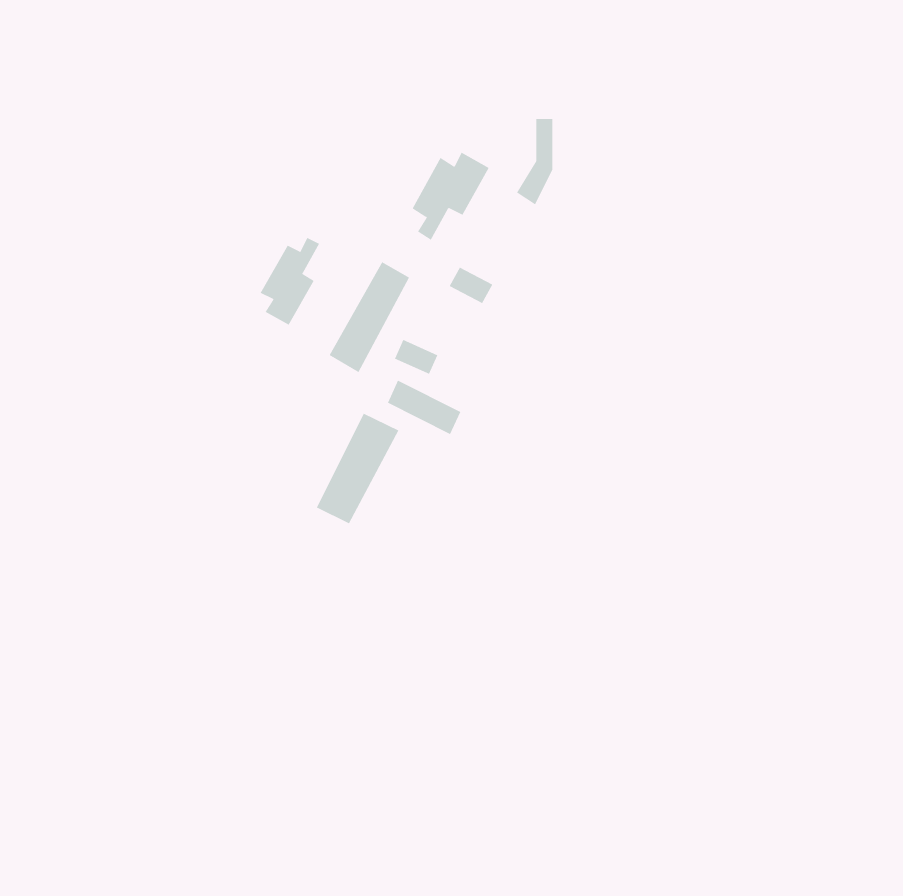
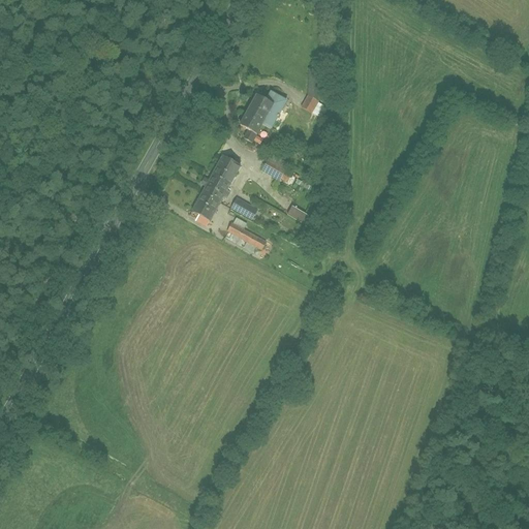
building: [260,237,320,326] -> none
building: [316,413,399,524] -> none

